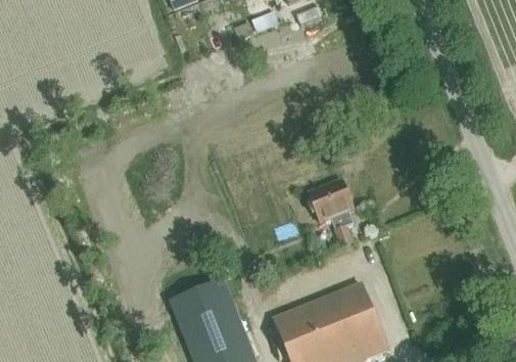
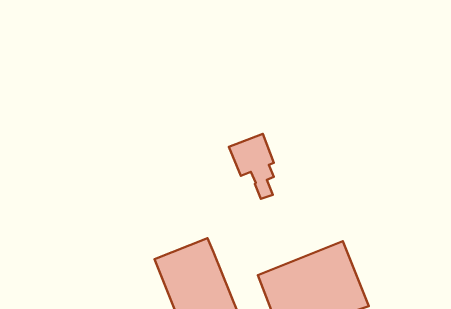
building: [309,181,355,247] -> [229,134,274,199]

